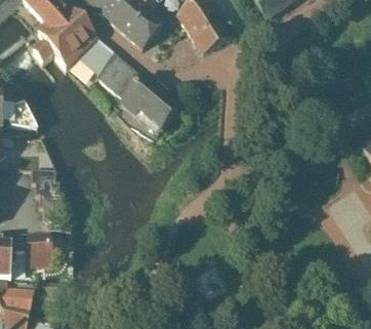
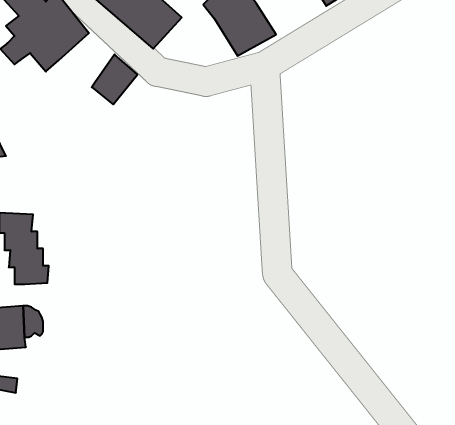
building: [74,37,114,73] -> none
building: [121,74,179,131] -> none

